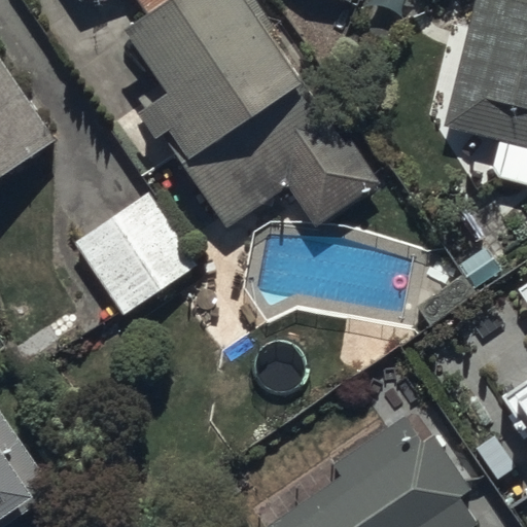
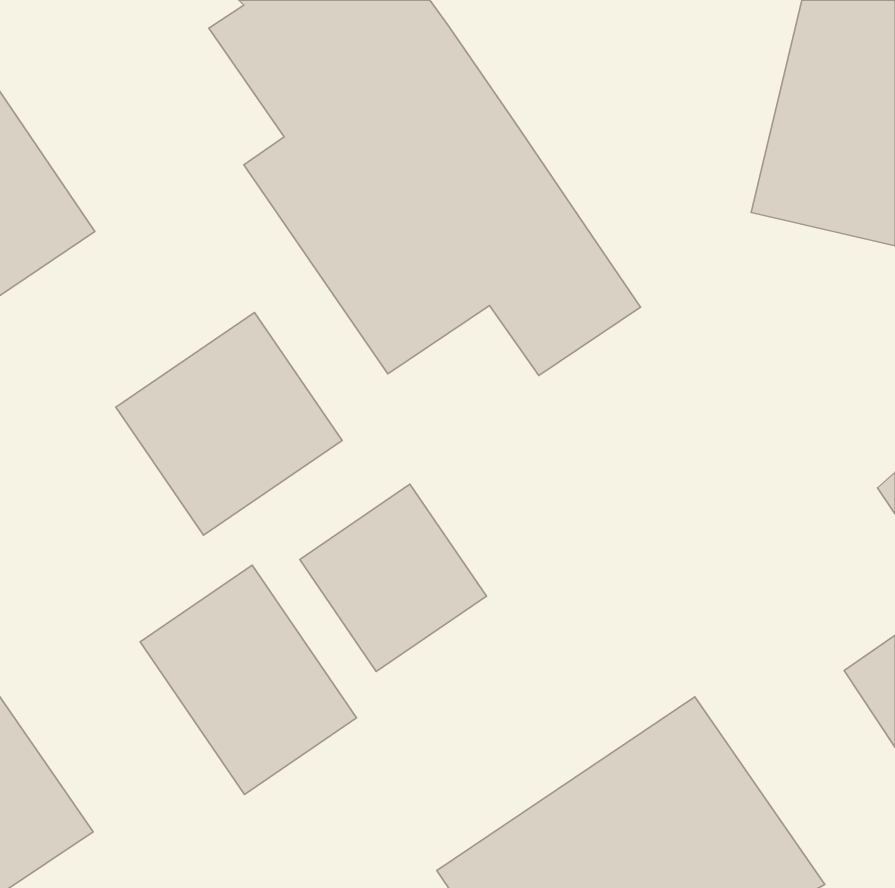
building: none -> [300,484,486,672]
building: none -> [140,565,357,794]

